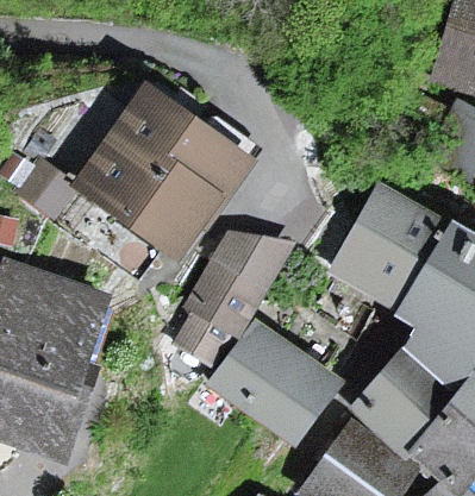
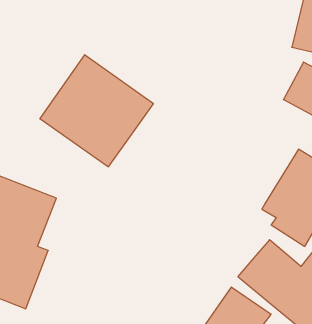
building: [335,187,448,304] -> none
building: [177,232,286,358] -> none
building: [214,326,332,437] -> none

